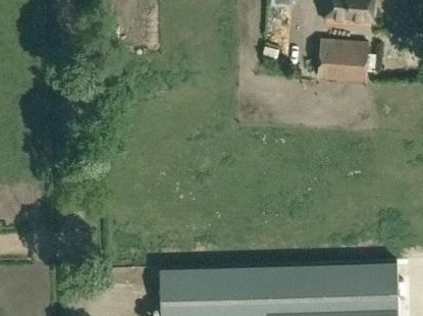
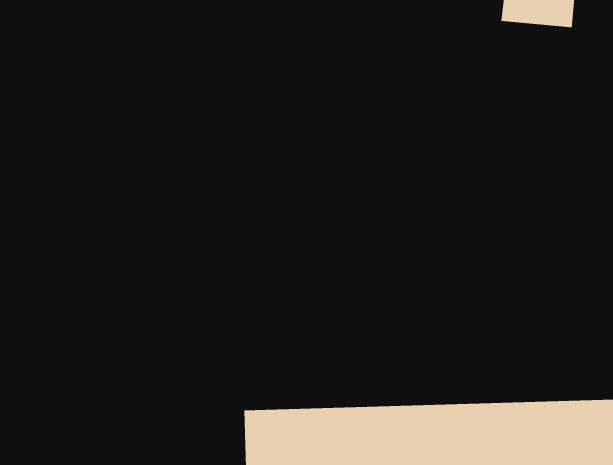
building: [318,39,368,81] -> none

